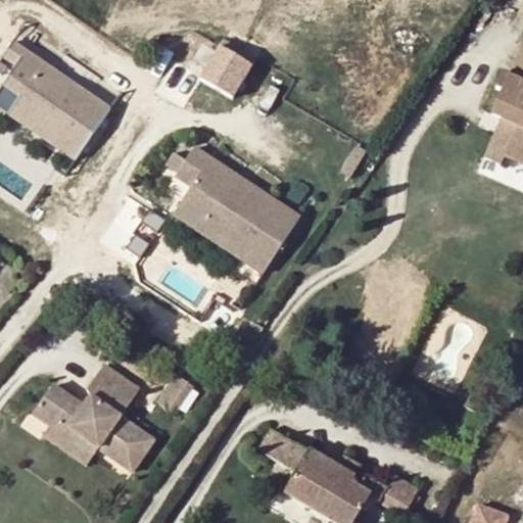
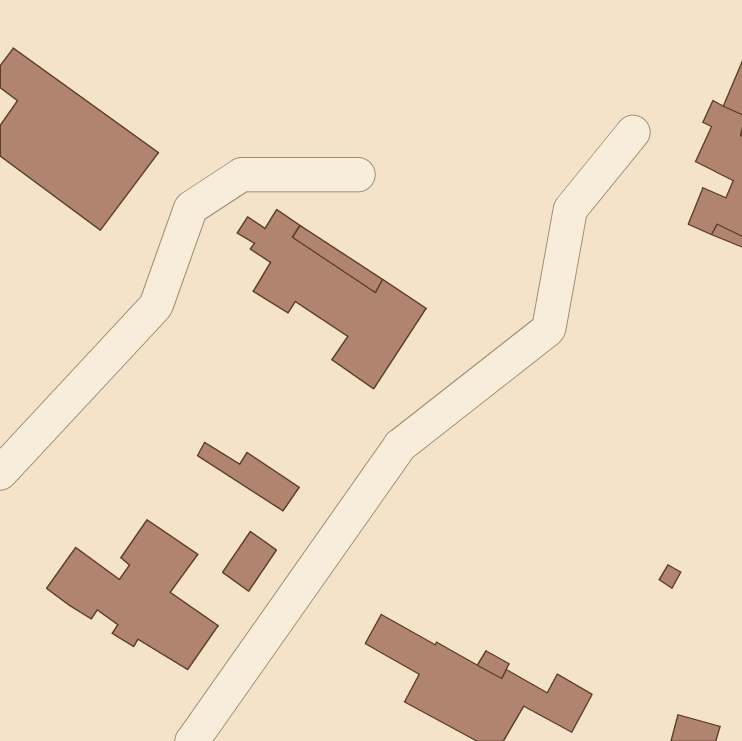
building: [195,43,251,98] -> none
building: [174,204,245,252] -> [197,442,299,511]
building: [43,425,95,467] -> none

